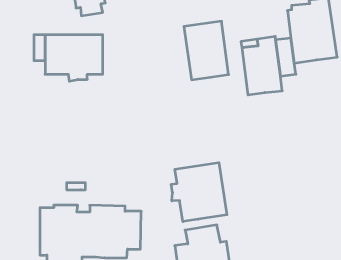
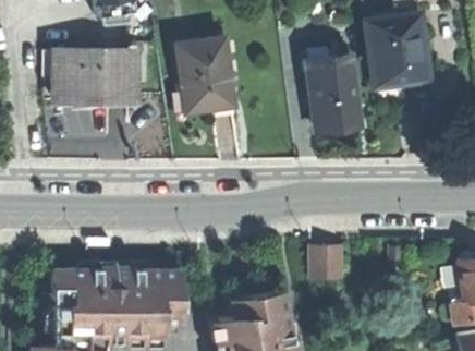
building: [184,21,229,80] -> [176,39,233,113]
building: [171,163,227,222] -> none
building: none -> [306,247,339,280]

